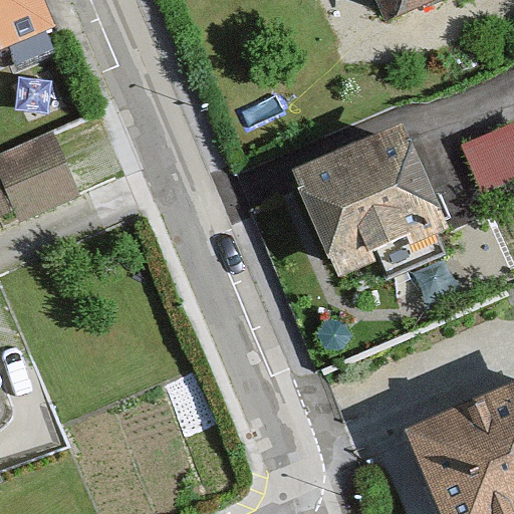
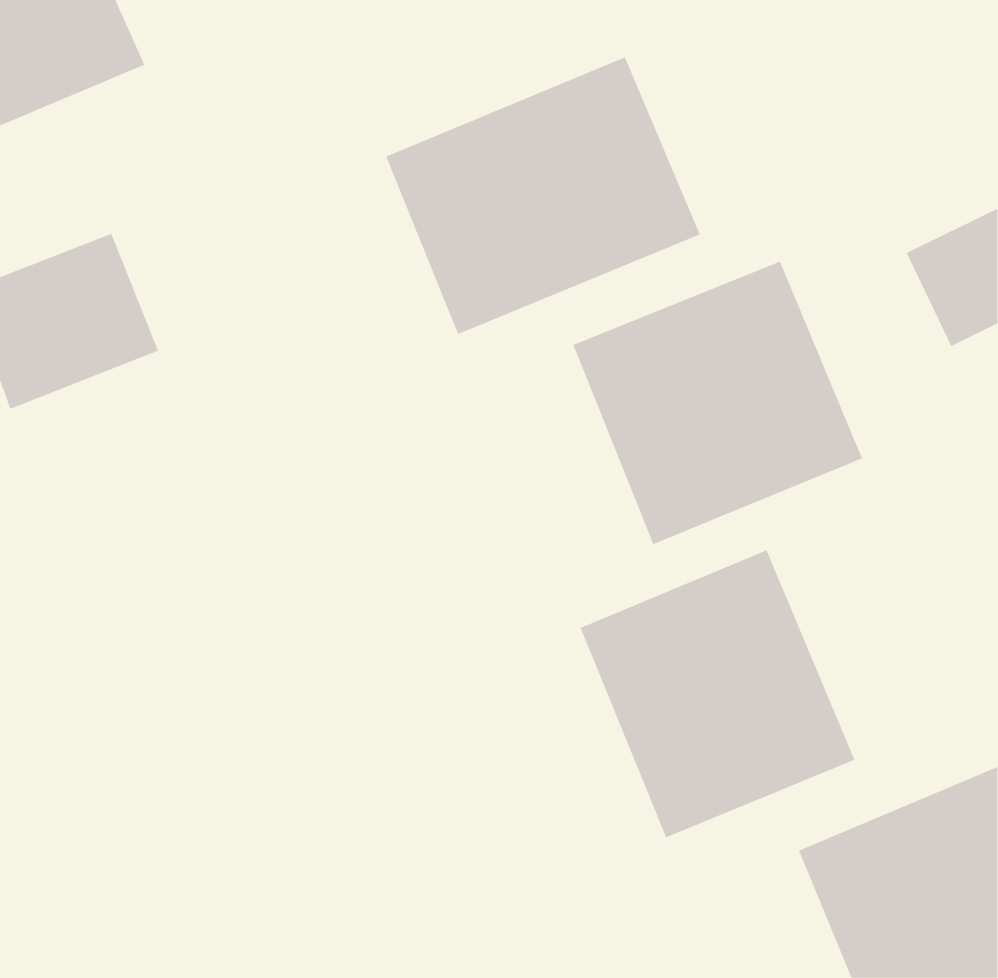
building: none -> [386,57,701,335]
building: none -> [580,549,855,838]

